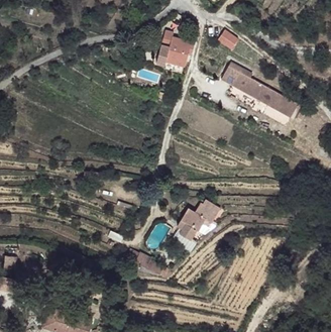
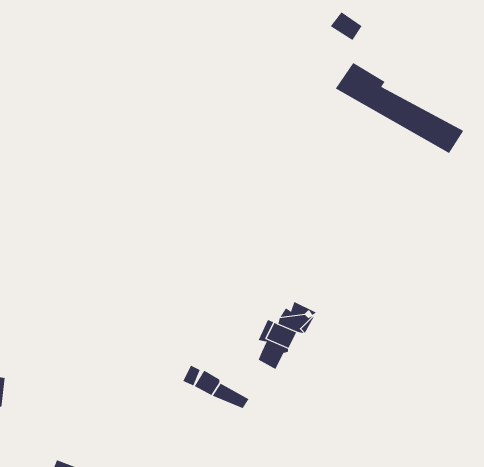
building: [156,28,193,65] -> none

